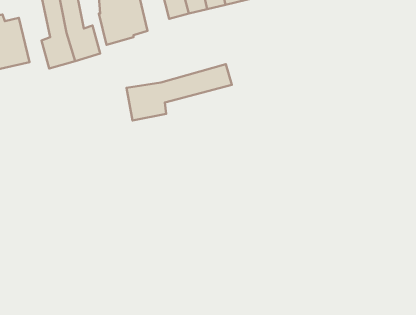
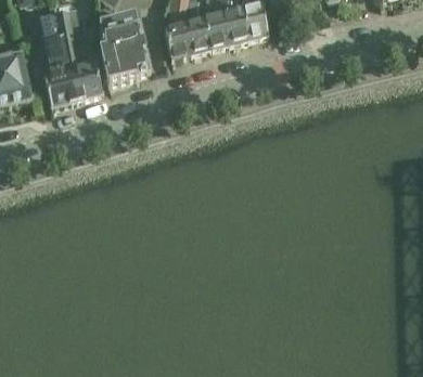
building: [126,64,232,121] -> none

